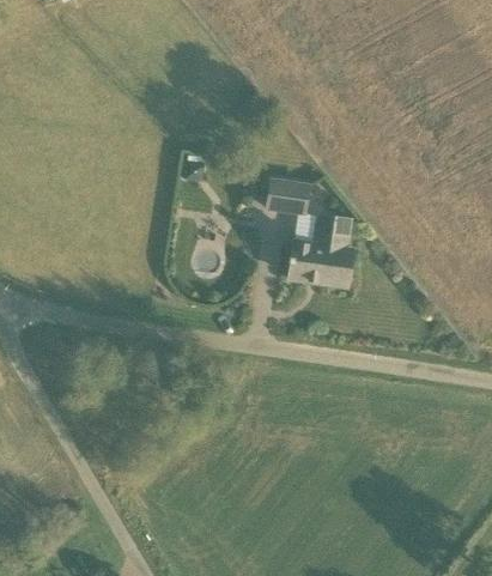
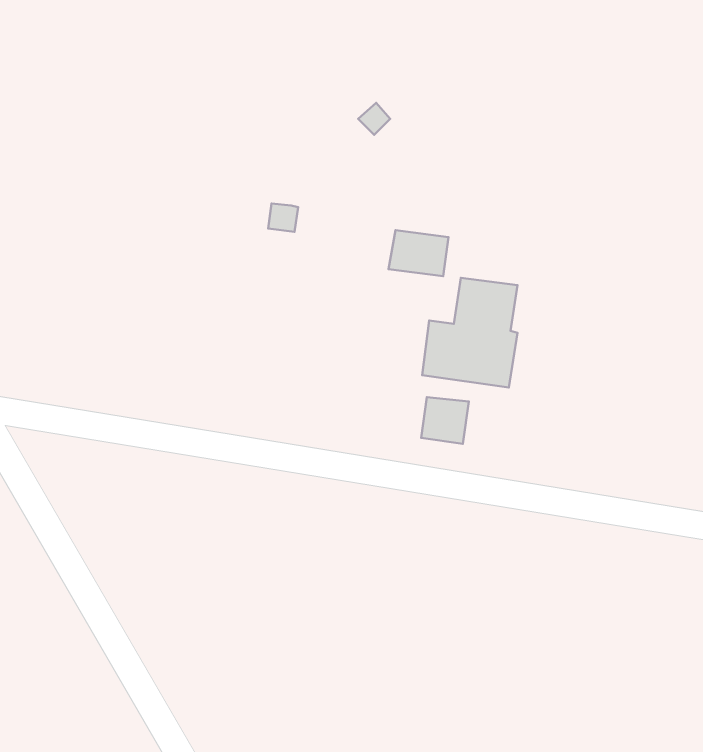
building: none -> [421,397,469,444]

